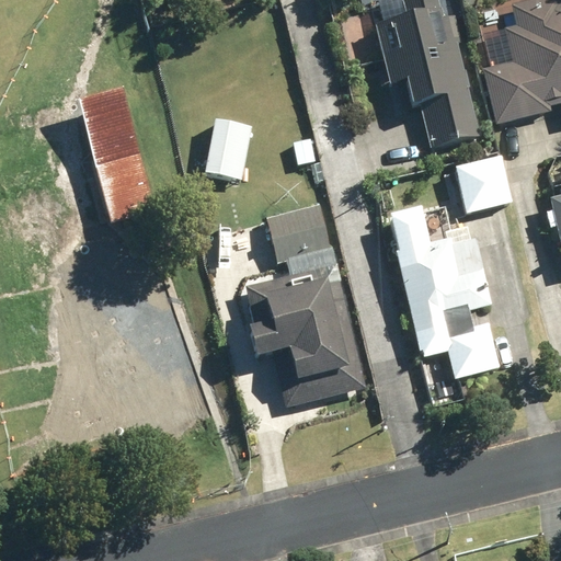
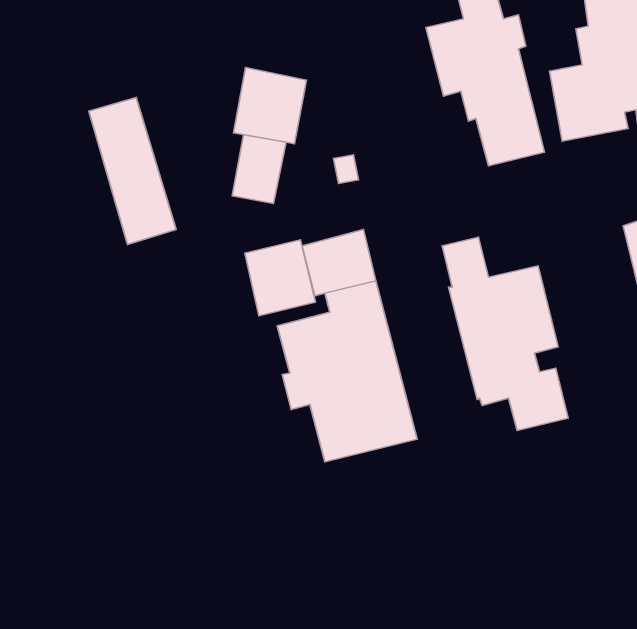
building: none -> [234,68,306,144]
building: [456,154,513,213] -> none
building: none -> [245,240,316,316]

